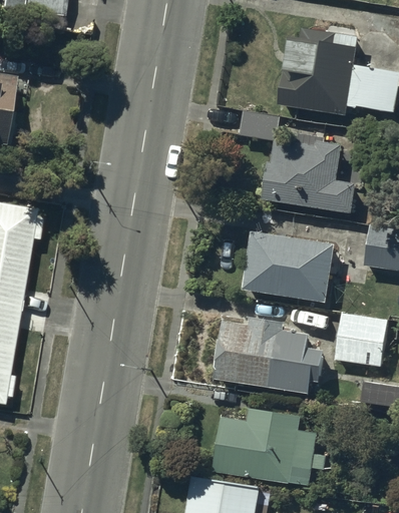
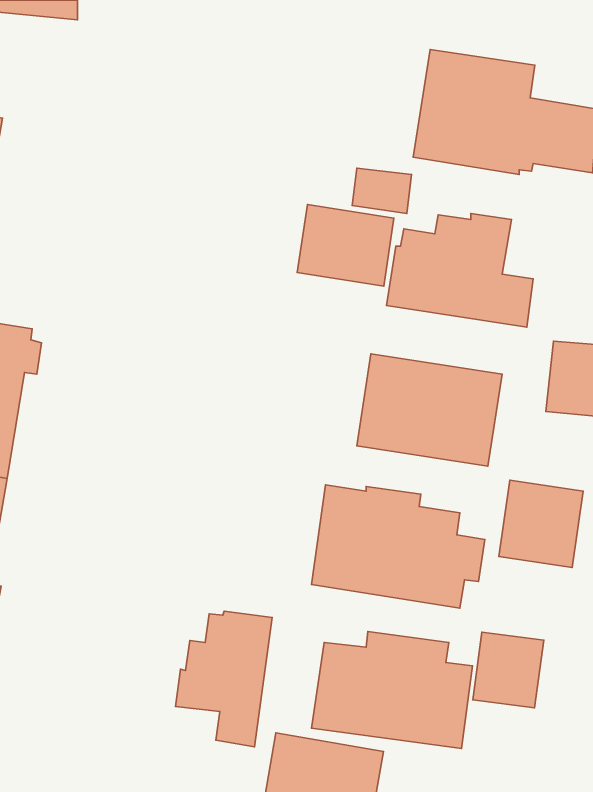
building: none -> [297,205,394,286]
building: none -> [176,611,272,747]
building: none -> [473,632,544,708]

